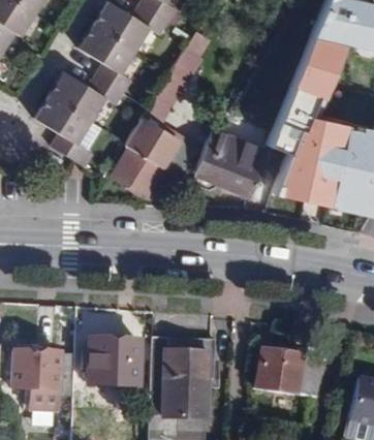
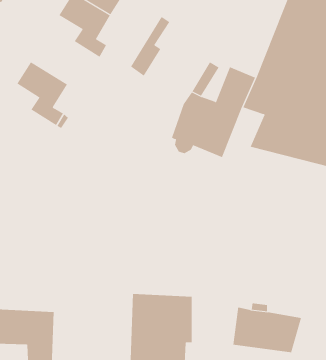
building: [51,72,122,120] -> none
building: [113,119,179,195] -> none
building: [90,338,141,385] -> none

